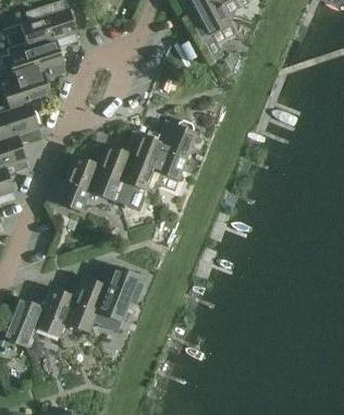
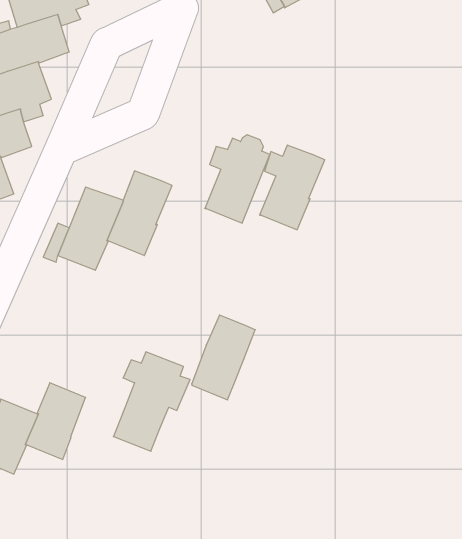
building: [122,134,165,191] -> [260,145,325,230]
building: [65,277,108,333] -> [192,315,255,400]

